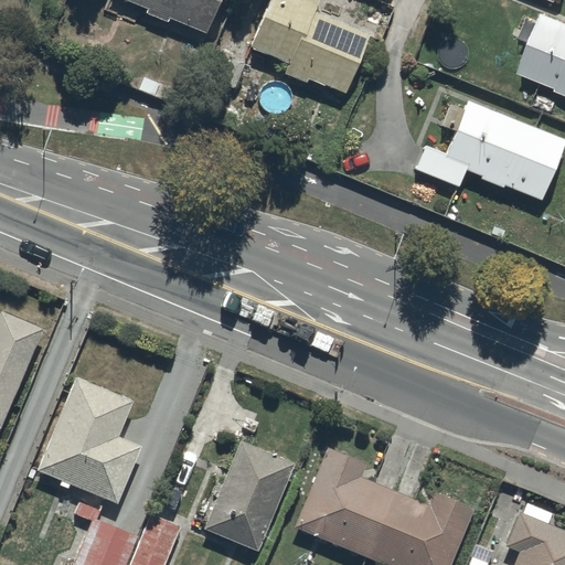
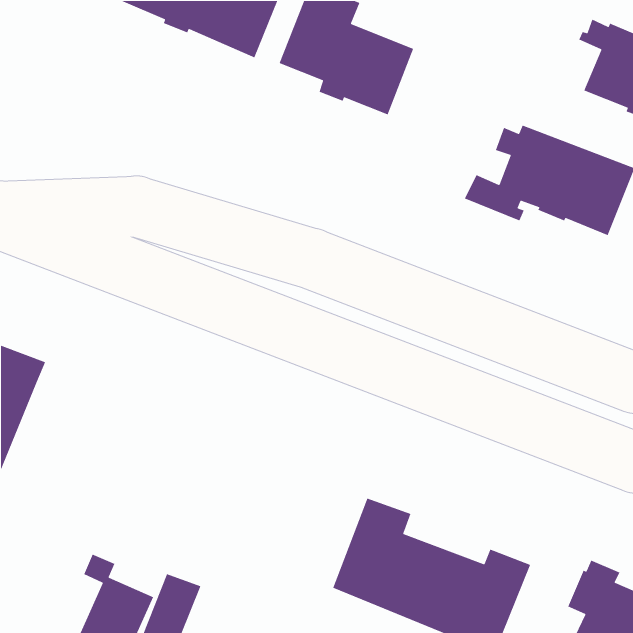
building: [36,372,142,501] -> none
building: [203,437,295,547] -> none

